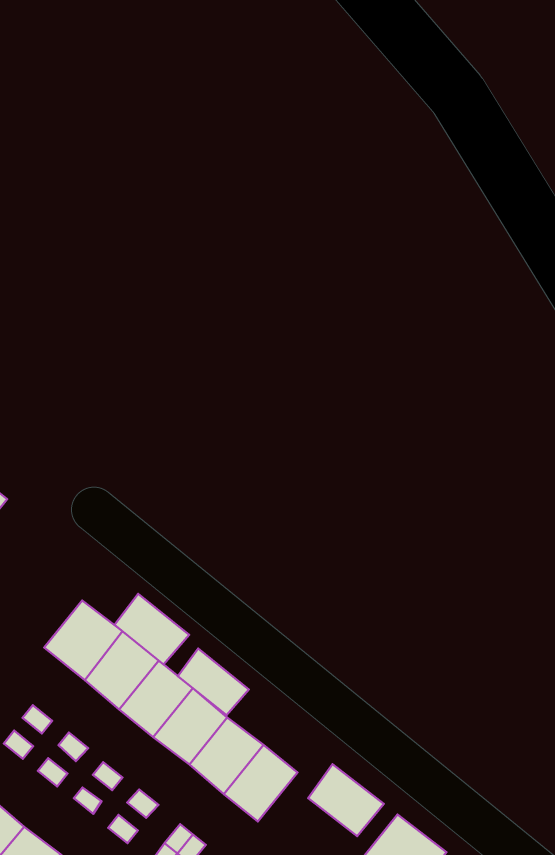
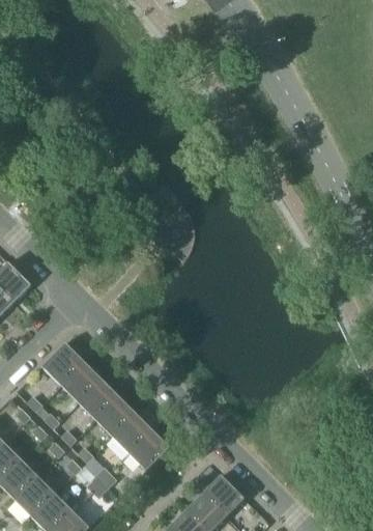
building: [115,594,189,664] -> none
building: [178,649,249,715] -> none
building: [308,764,384,836] -> none

